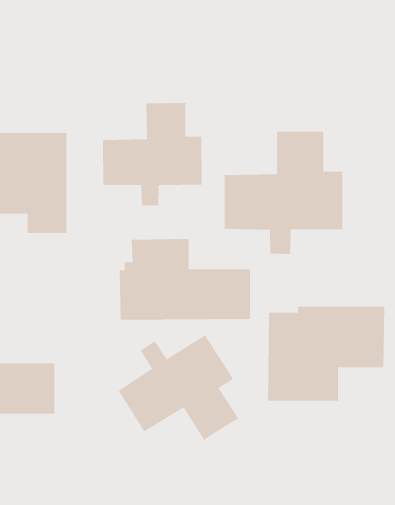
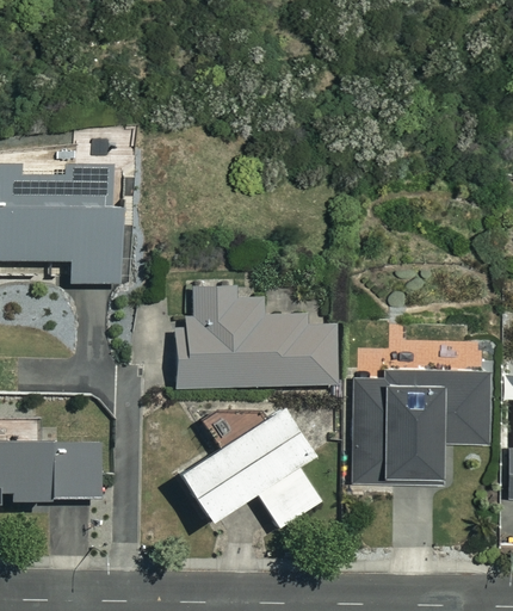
building: [102,102,202,206] -> none
building: [224,131,343,255] -> none

